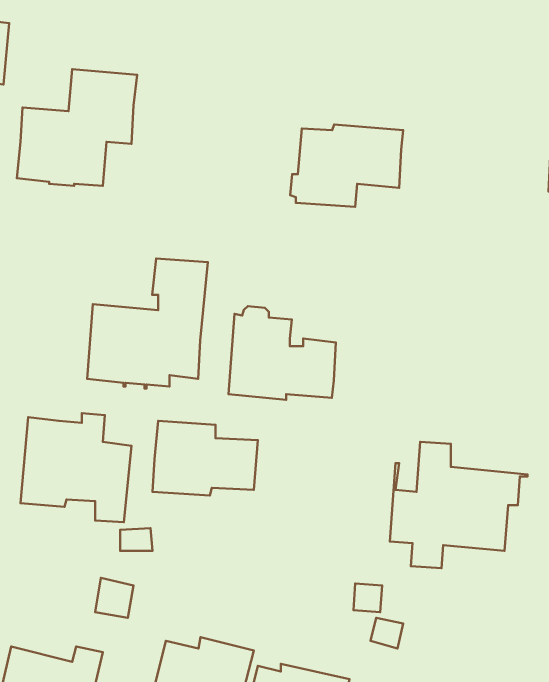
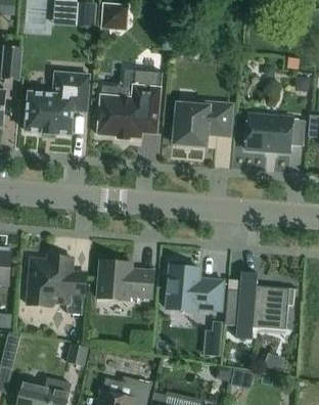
building: none -> [244,114,305,152]
building: [87,258,208,388] -> [97,70,162,139]
building: [229,306,336,400] -> [166,261,223,311]

